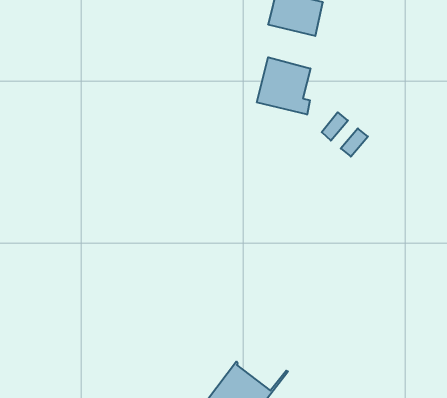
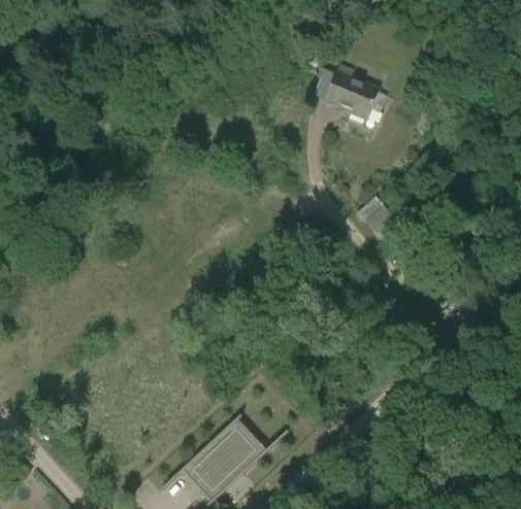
building: [257,57,310,115] -> none

